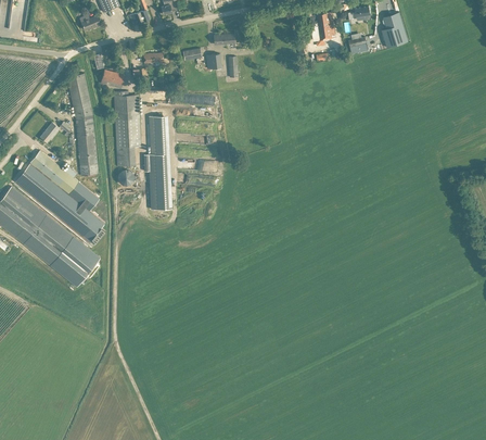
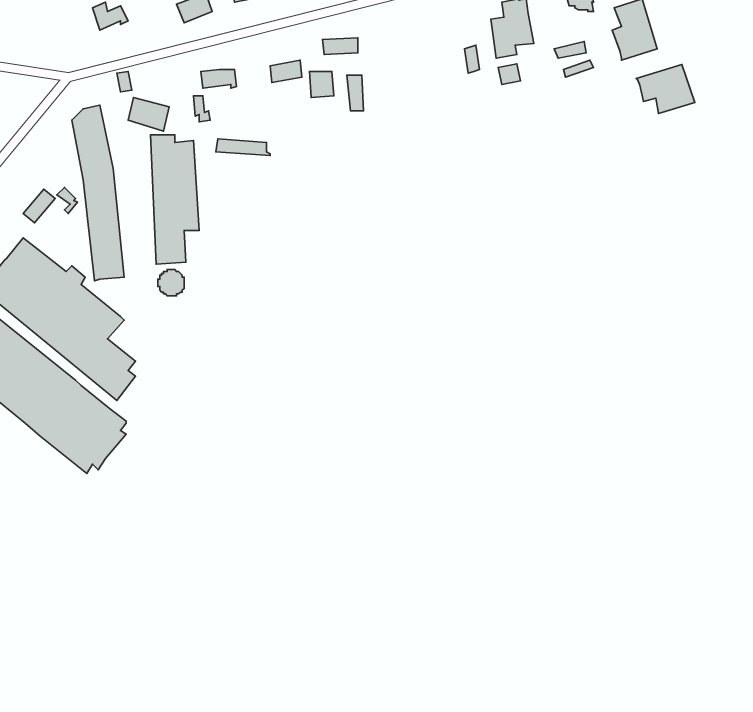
building: none -> [636,64,695,113]
building: [142,115,170,210] -> none

